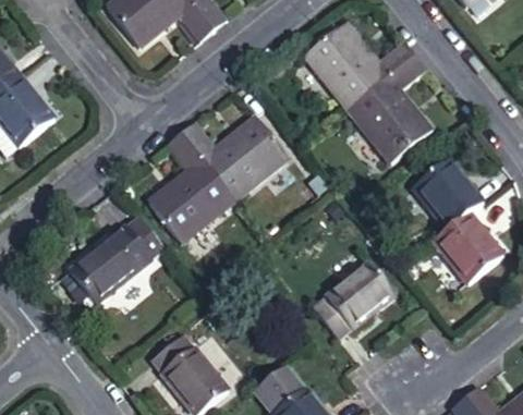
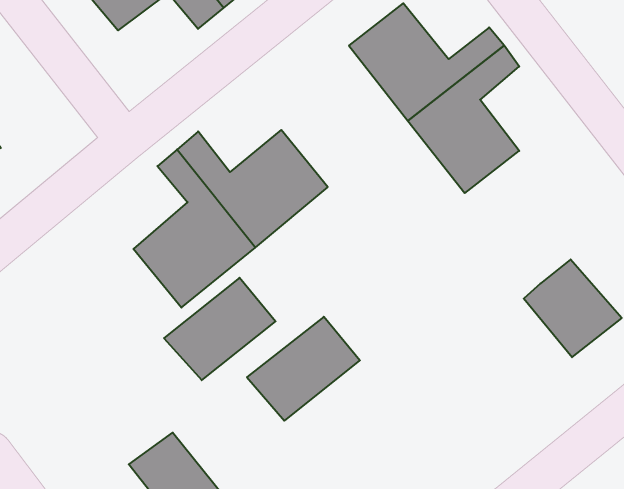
building: [413,156,481,224] -> none
building: [73,225,154,300] -> [164,278,276,380]
building: [318,271,400,346] -> [247,317,360,421]

